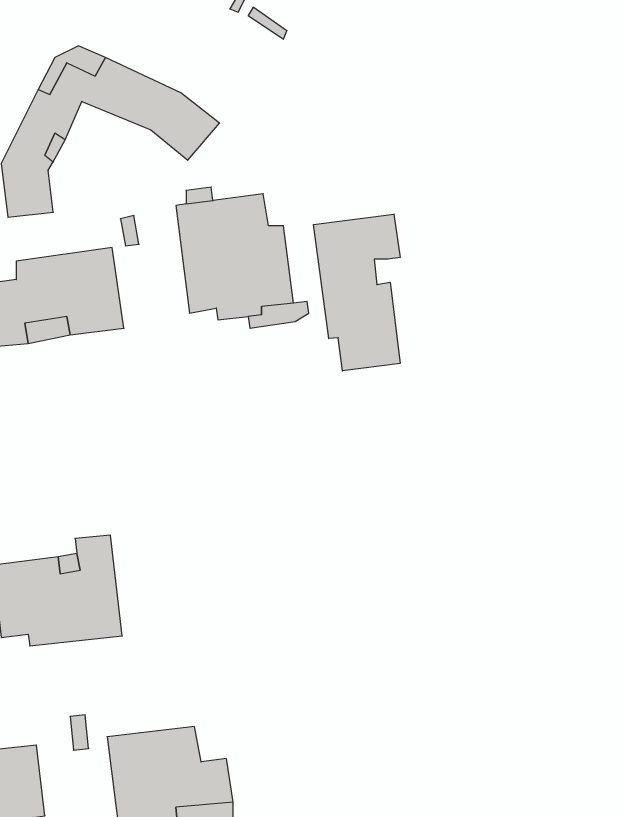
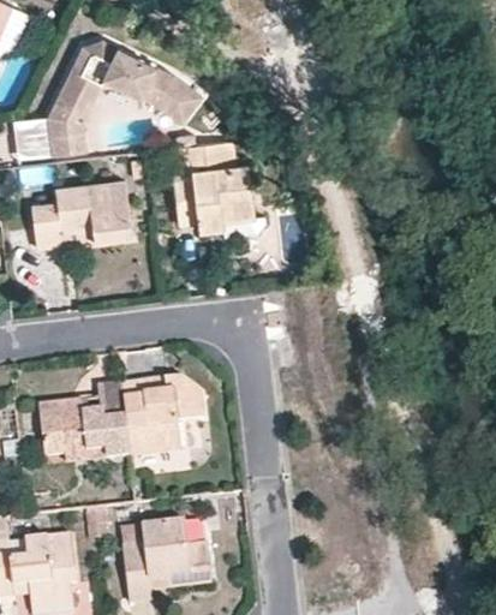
building: [313,214,400,371] -> none
building: none -> [122,378,204,456]

